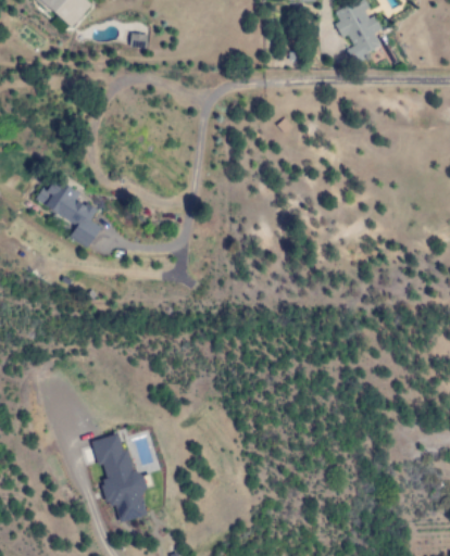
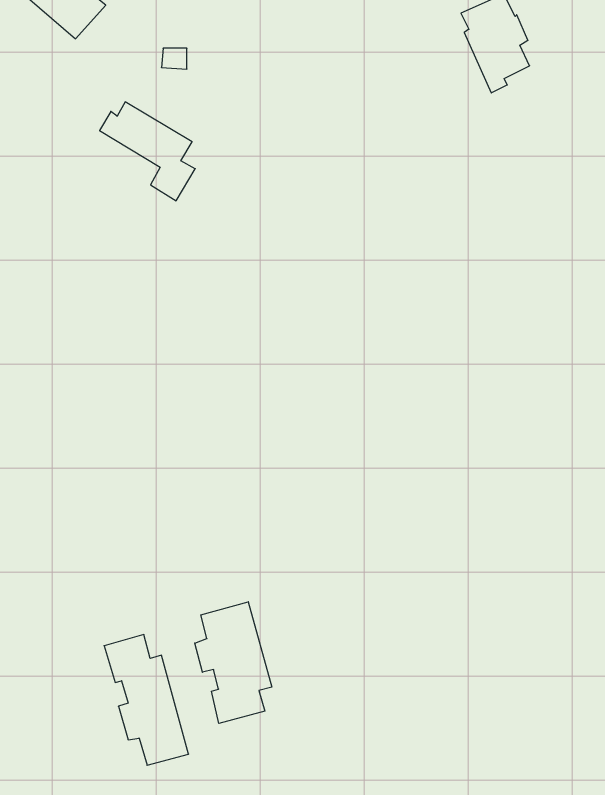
building: [36,180,101,248] -> [100,102,195,201]
building: none -> [195,602,272,723]

